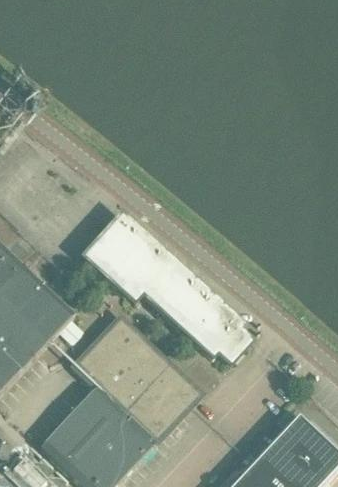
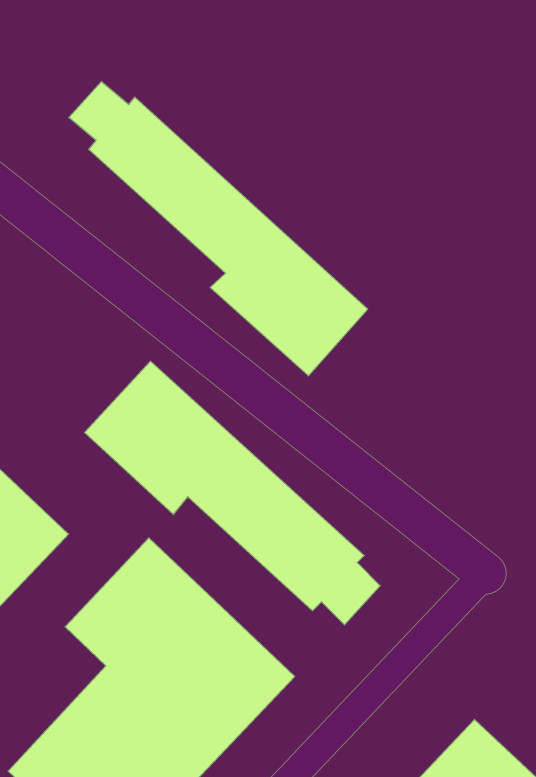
building: none -> [69,82,368,376]

